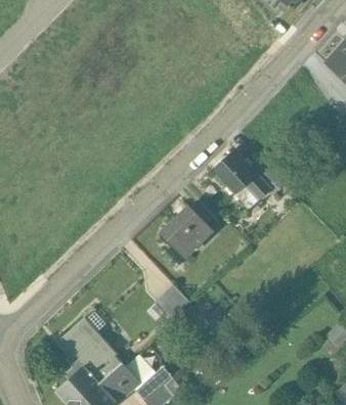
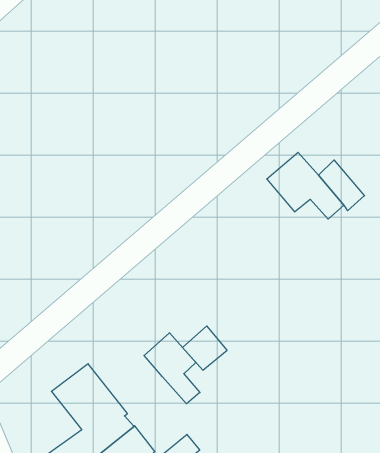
building: [162,207,212,257] -> none
building: none -> [144,333,200,404]

